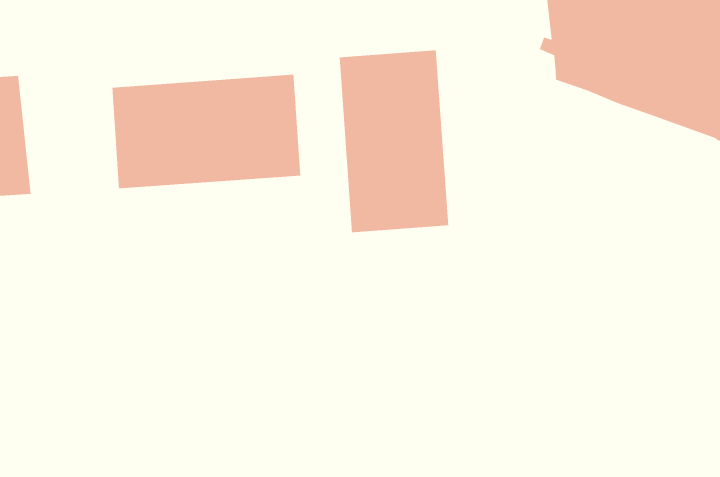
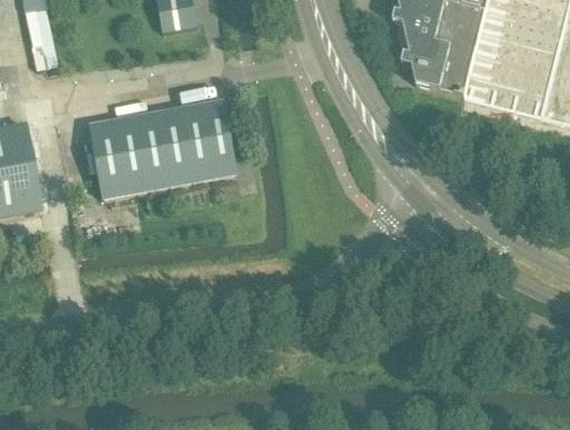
building: [339,50,449,233] -> none

